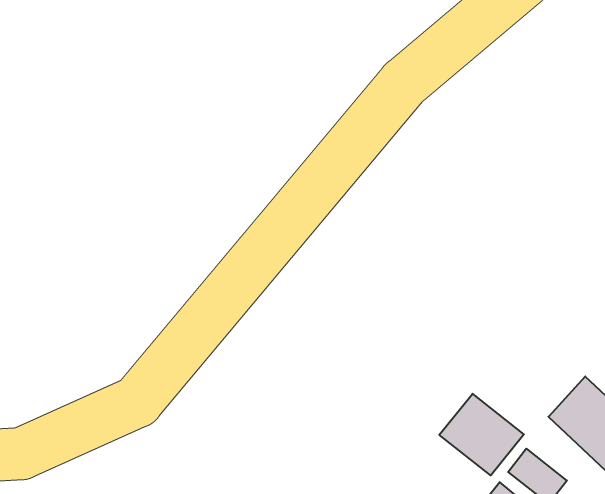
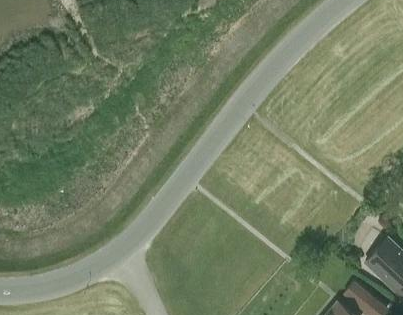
building: [439,394,524,475] -> none

